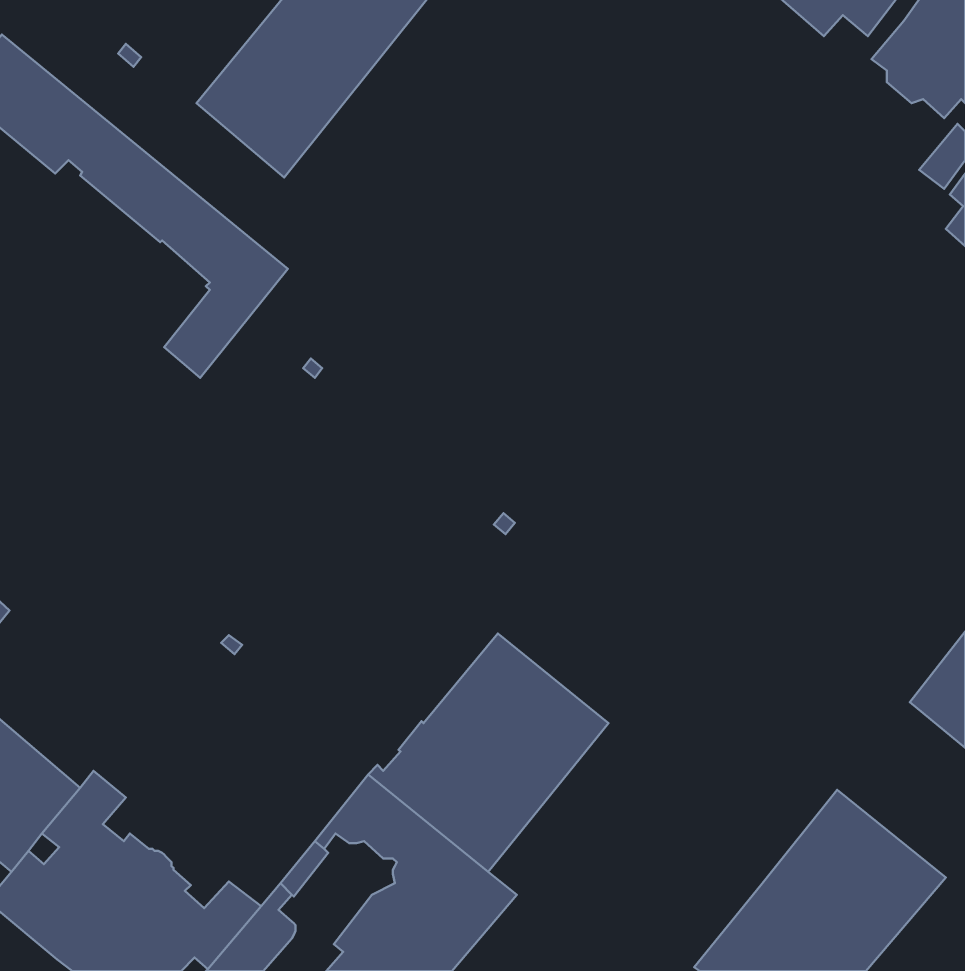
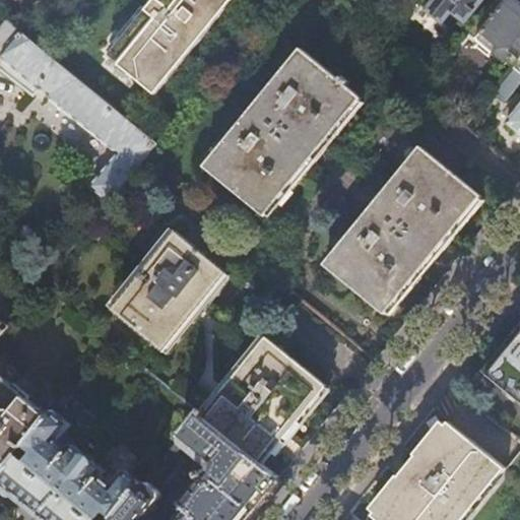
building: none -> [201,49,359,215]
building: none -> [322,146,478,314]
building: none -> [110,229,225,349]

